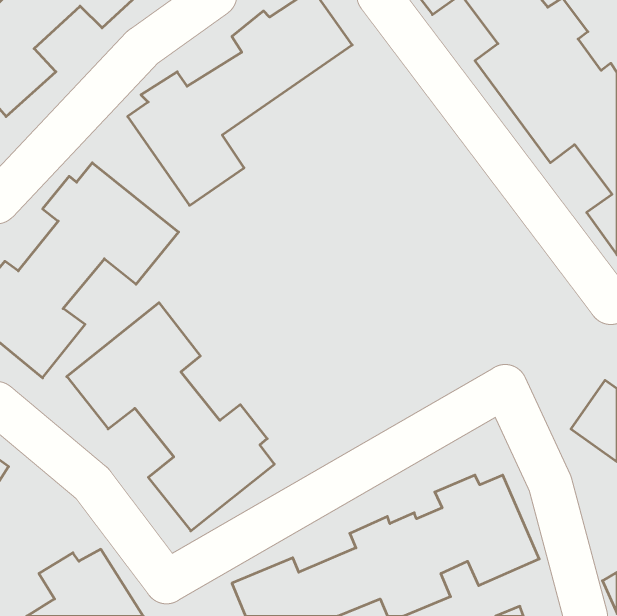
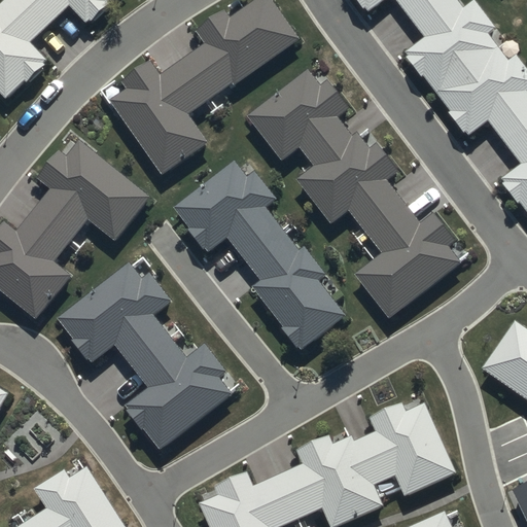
building: none -> [247,63,461,319]
building: none -> [173,153,345,350]

